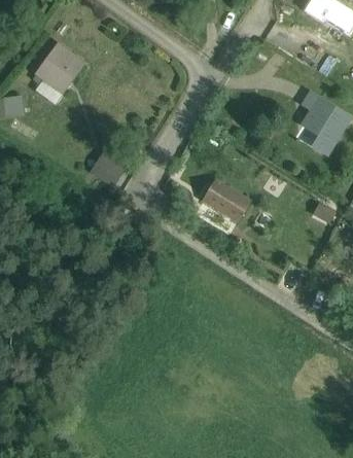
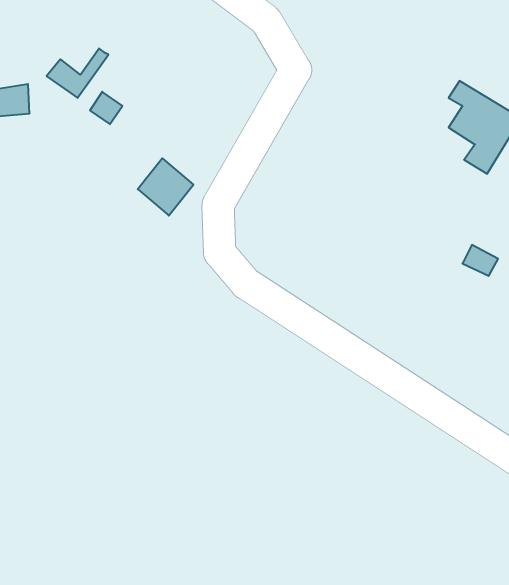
building: [37,44,82,89] -> none
building: [203,179,250,221] -> none

